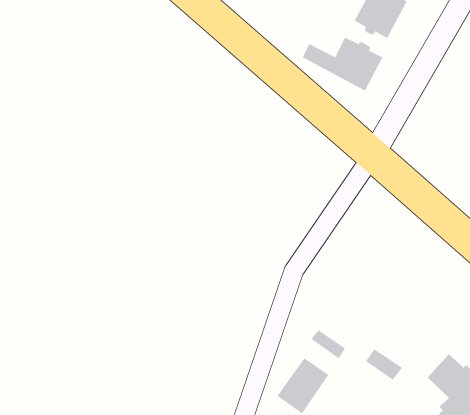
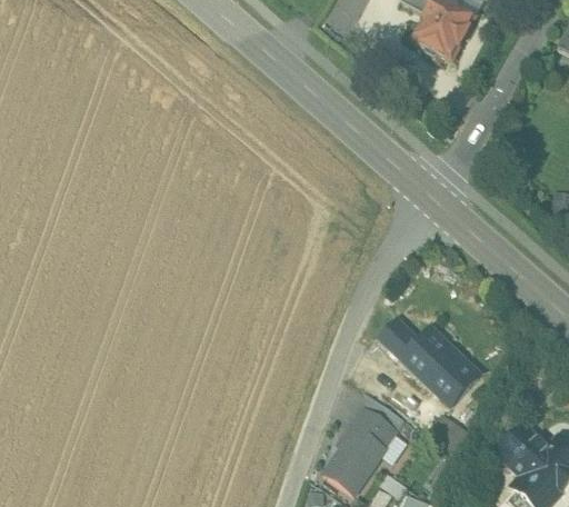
building: [302,37,383,91] -> none
building: none -> [380,320,477,401]
building: none -> [350,408,396,449]

